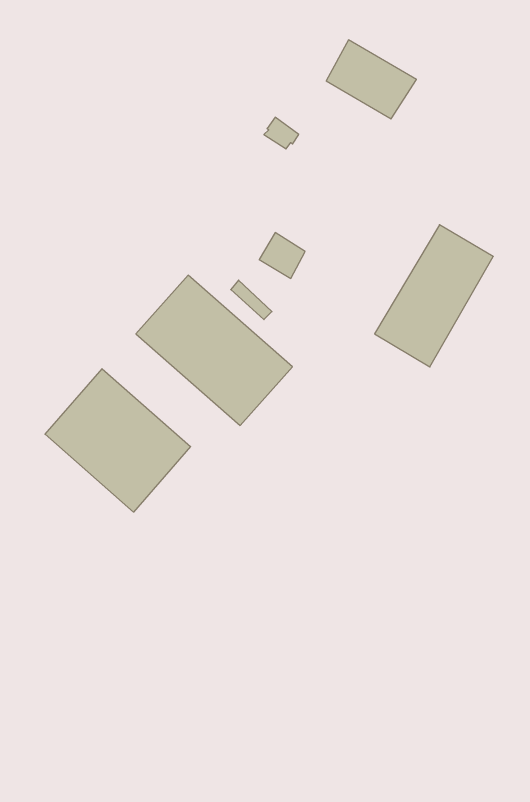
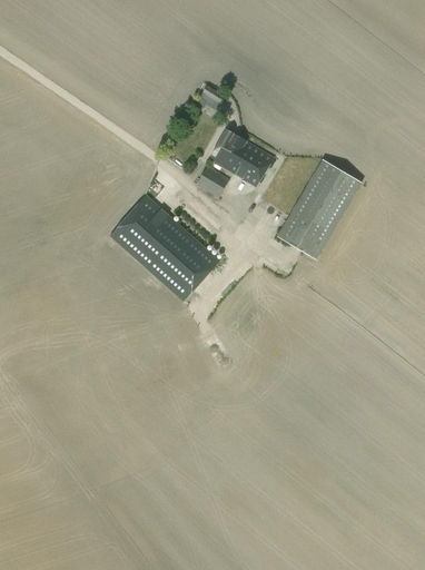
building: [326,40,416,119] -> [209,129,273,185]
building: [45,369,191,512] -> none

